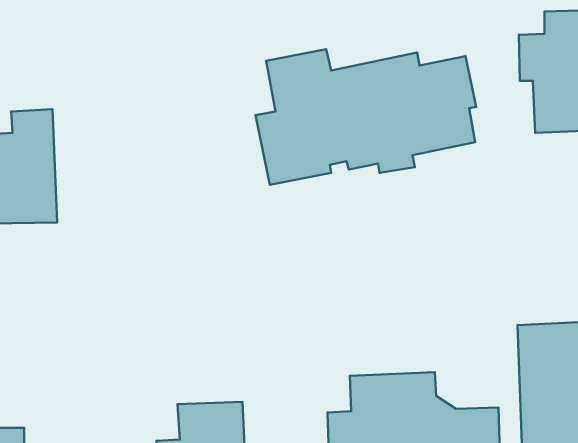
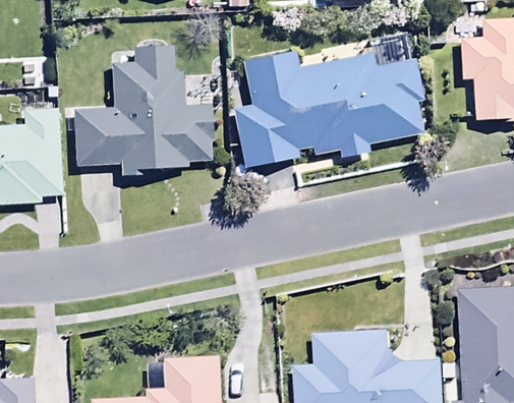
building: none -> [73,45,212,177]

